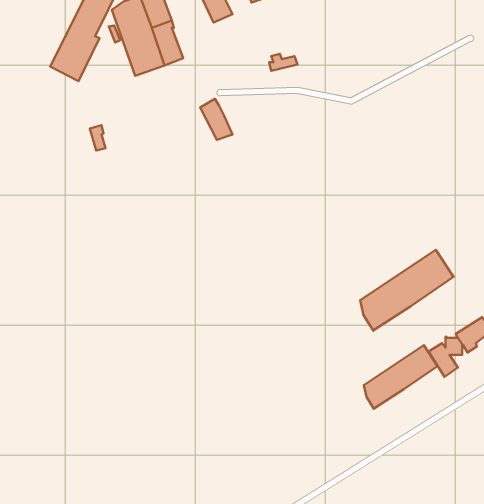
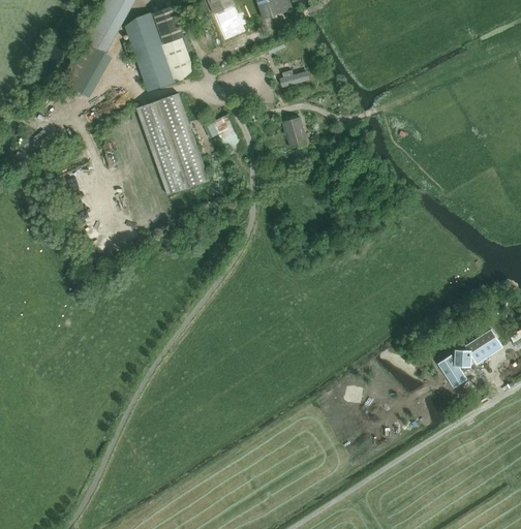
building: none -> [135,92,209,194]
building: none -> [282,117,305,147]
building: [360,250,453,331] -> none
building: [364,345,438,409] -> none

